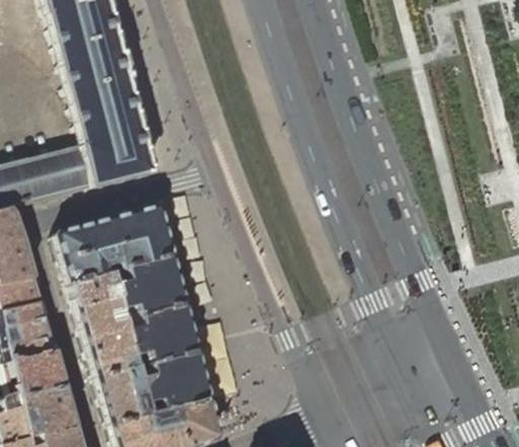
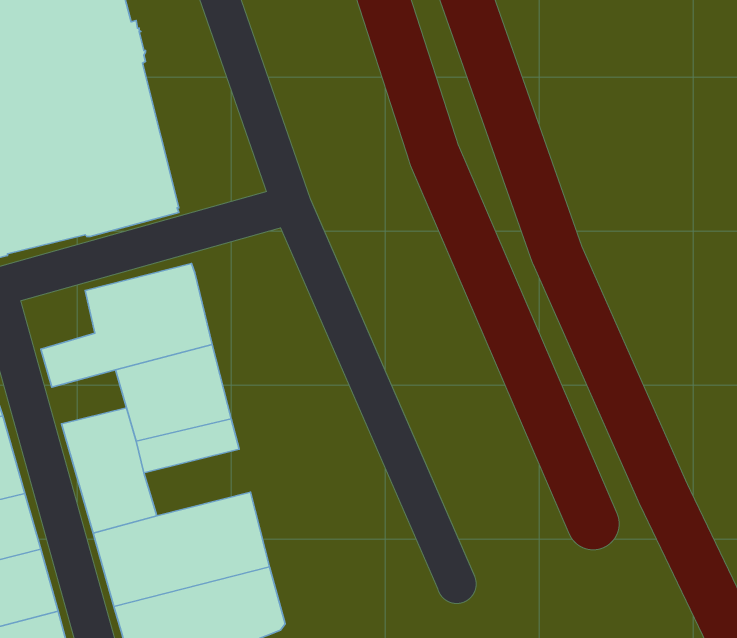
building: [60,221,101,258] -> none
building: [74,272,122,306] -> none
building: [133,322,201,365] -> none

